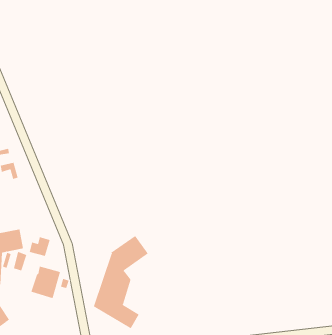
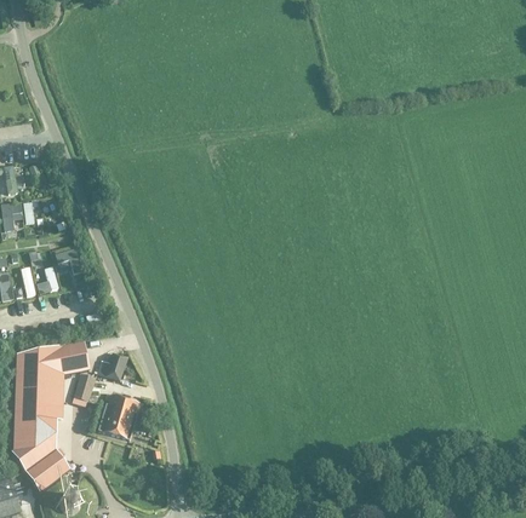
building: [93,235,149,329] -> none

